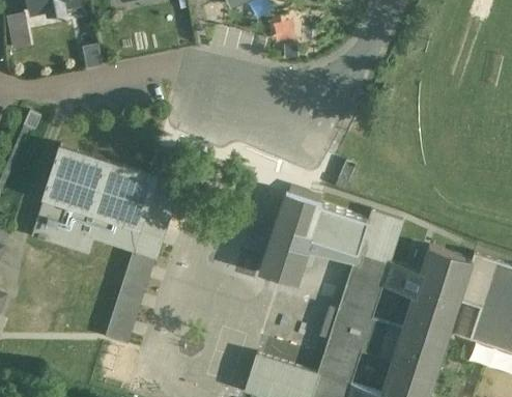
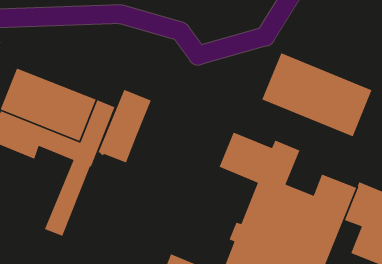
building: none -> [261,52,372,137]
building: [260,193,320,281] -> [97,89,152,163]

